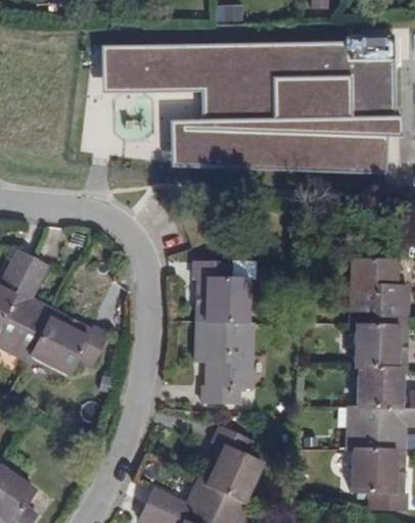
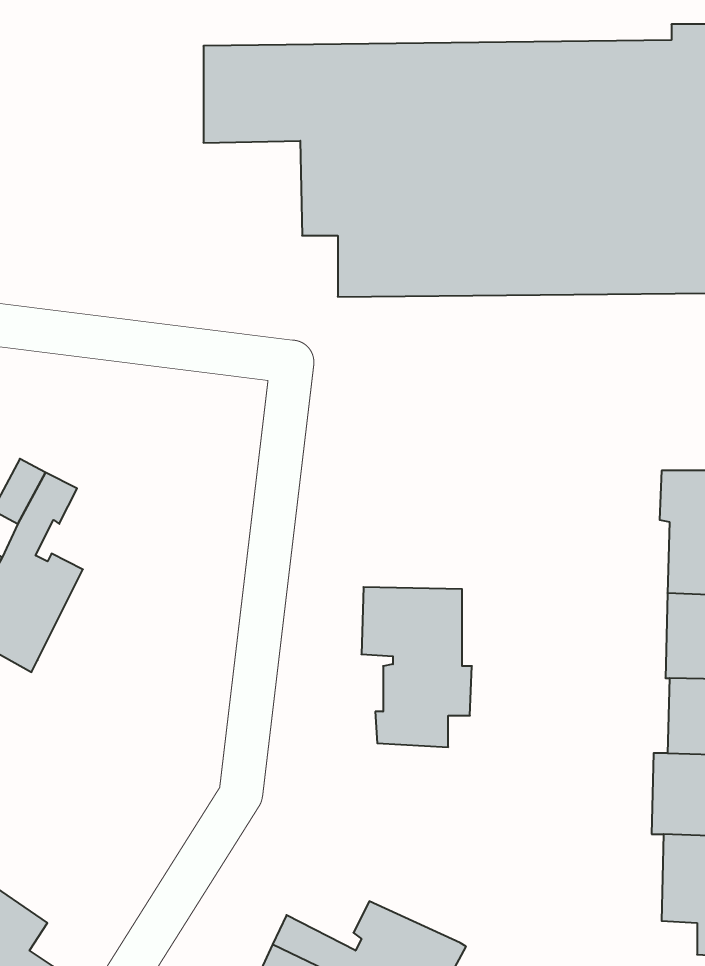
building: [193,264,248,322] -> none
building: [28,312,105,379] -> none
building: [199,429,265,505] -> none

